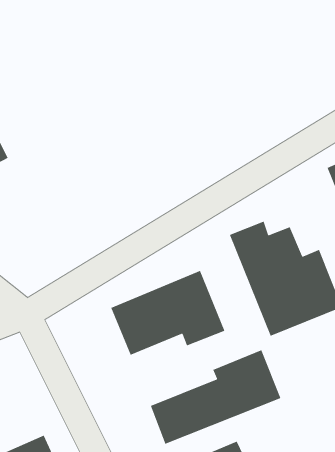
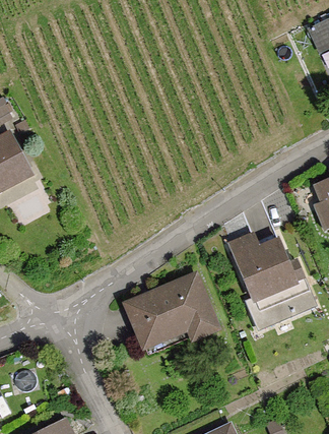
building: [150,349,282,445] -> none

